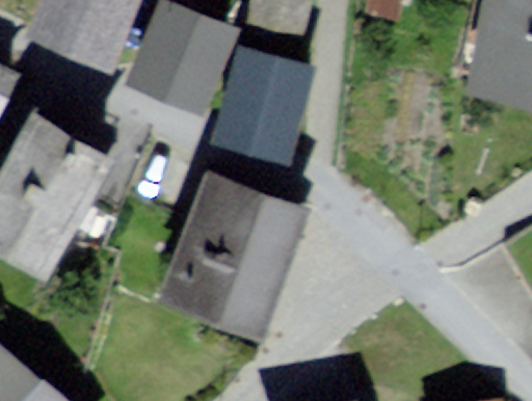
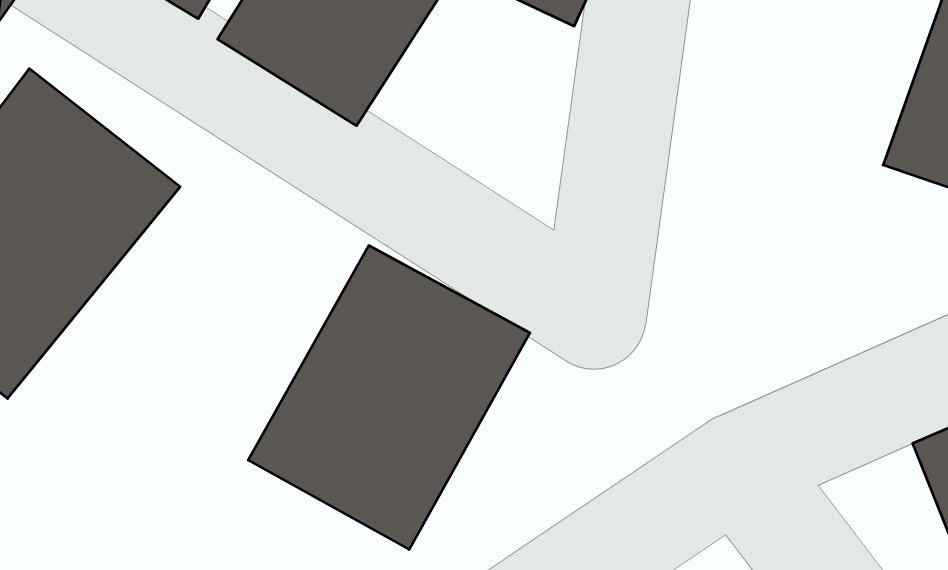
building: [211,48,318,164] -> none

